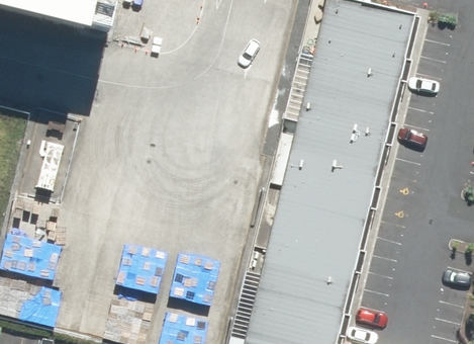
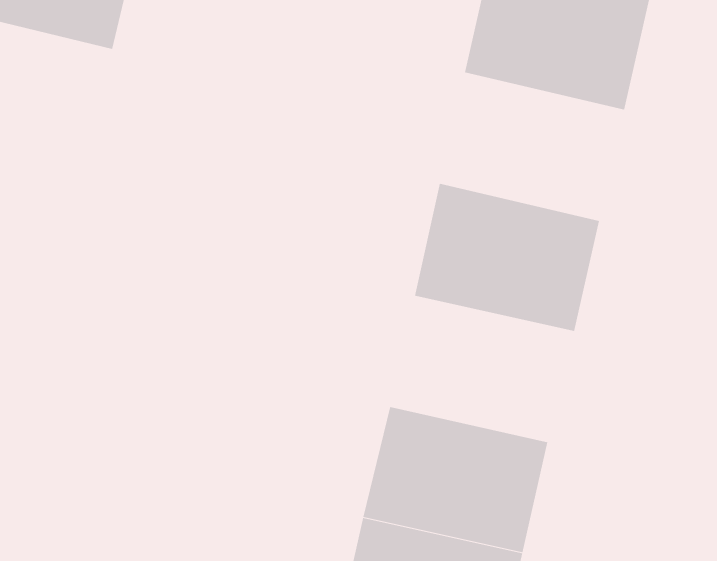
building: [295,58,400,142] -> none
building: [267,184,372,267] -> none

